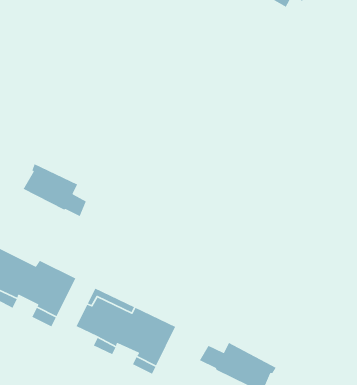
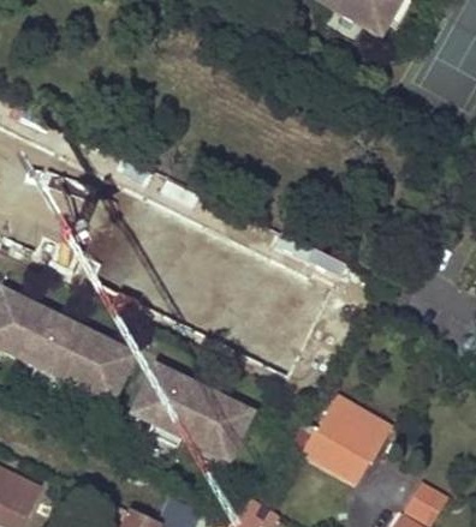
building: [23,163,87,217] -> none
building: none -> [314,401,380,455]

